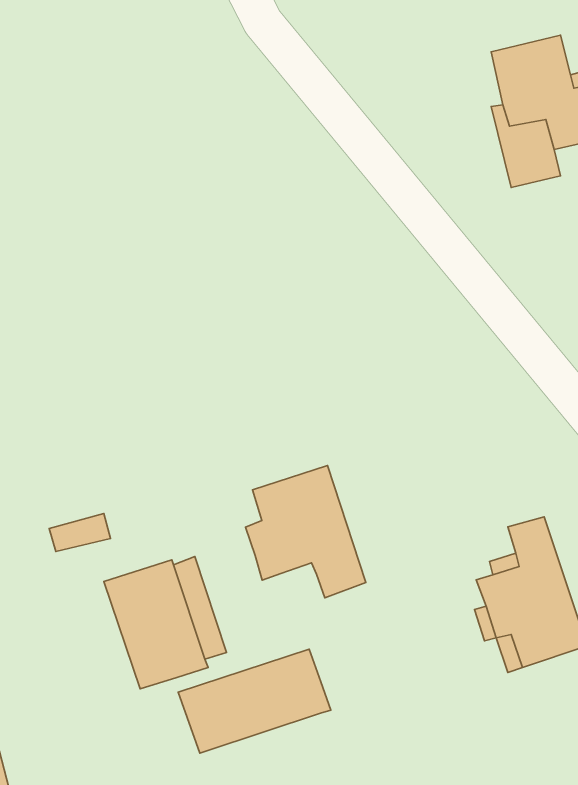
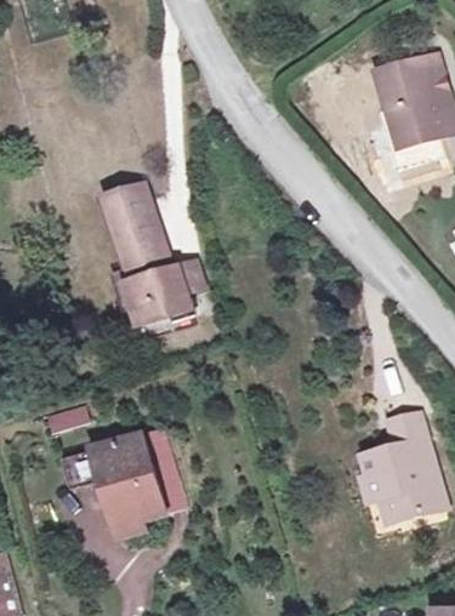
building: none -> [104,189,203,325]
building: [245,465,366,598] -> none
building: [178,649,331,753] -> none

